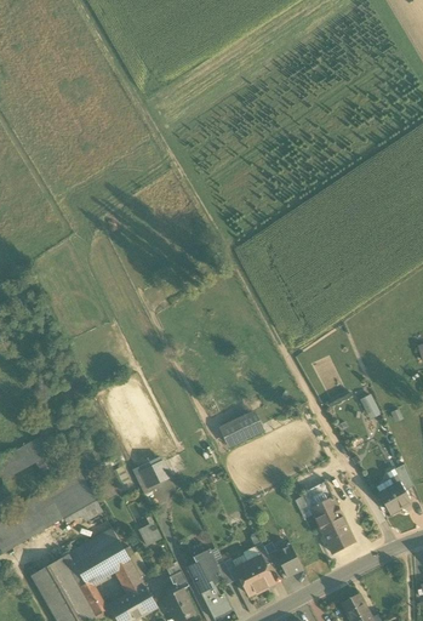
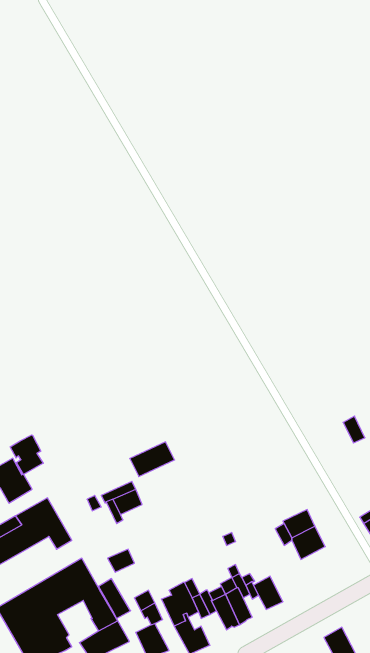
building: none -> [10,435,43,474]
building: [221,414,263,446] -> [130,442,175,477]
building: [320,518,355,554] -> none

